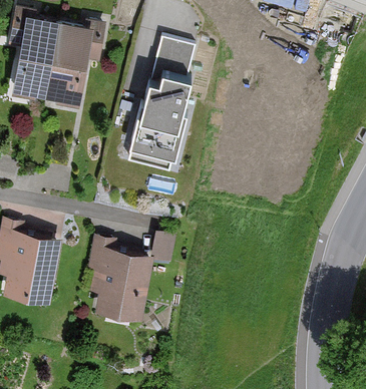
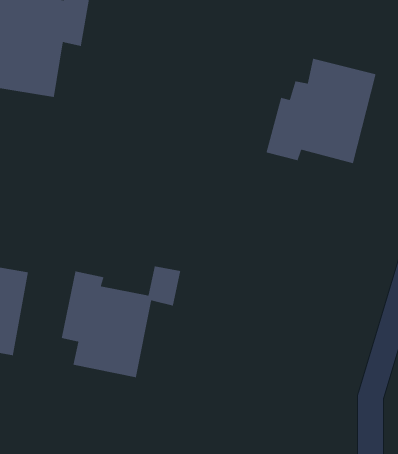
building: [129,32,196,165] -> none
building: none -> [266,58,377,164]

